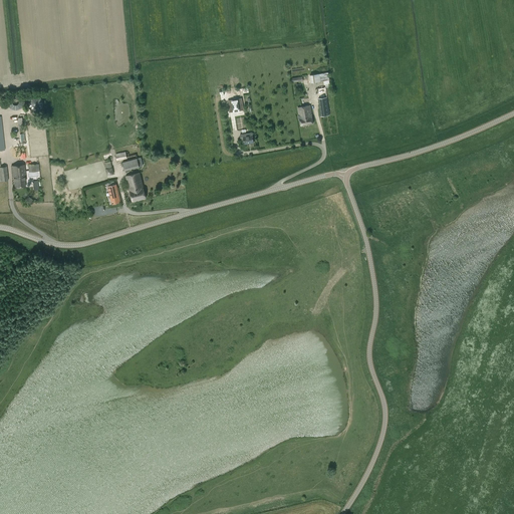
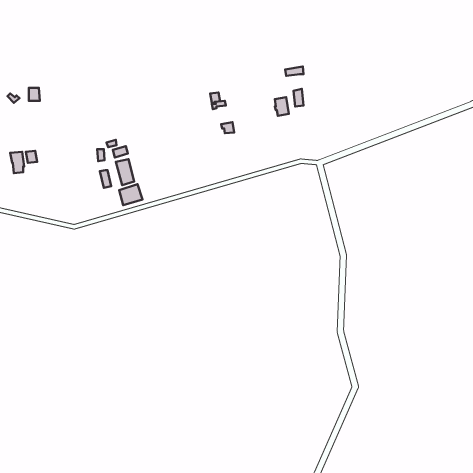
building: none -> [119,184,143,205]

